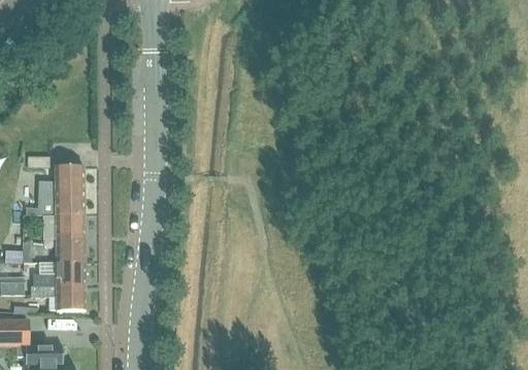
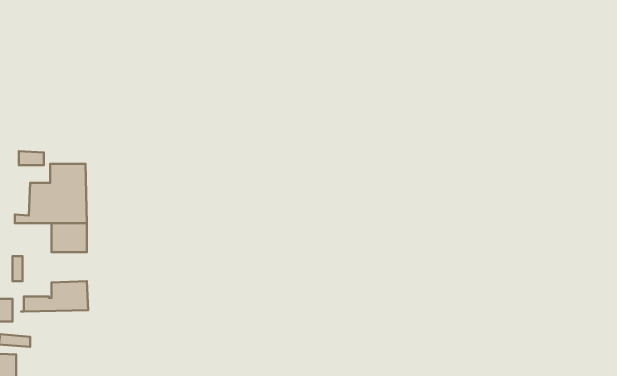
building: [56,237,85,262] -> none
building: [31,284,86,309] -> none

